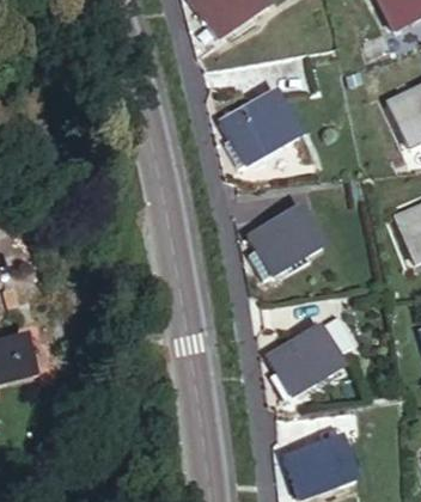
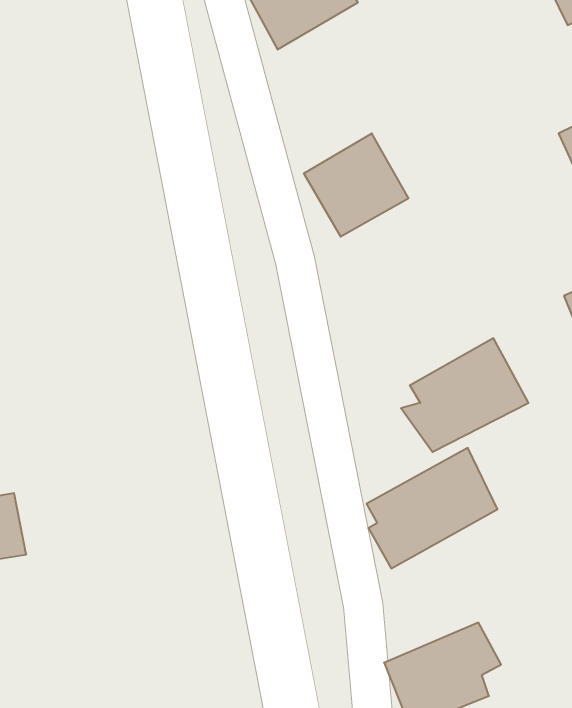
building: [238,201,325,278] -> [401,338,528,452]

